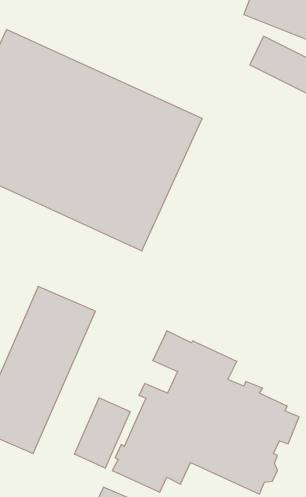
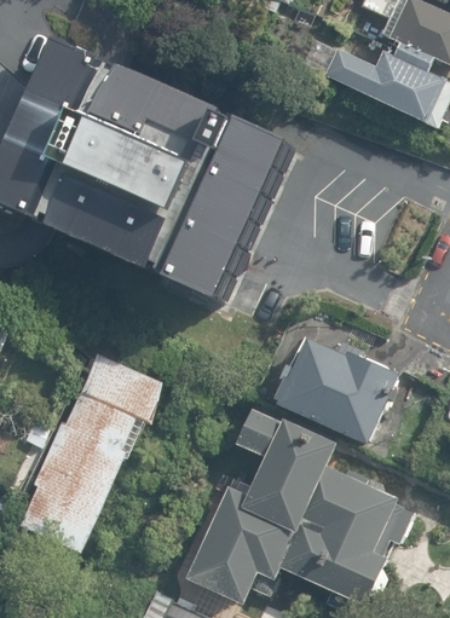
building: none -> [271,331,397,446]
building: [74,398,130,468] -> none

